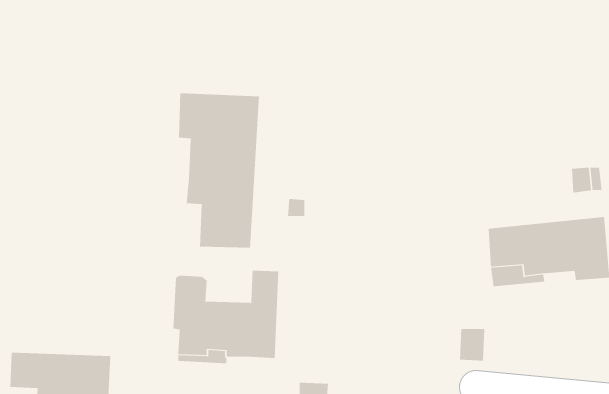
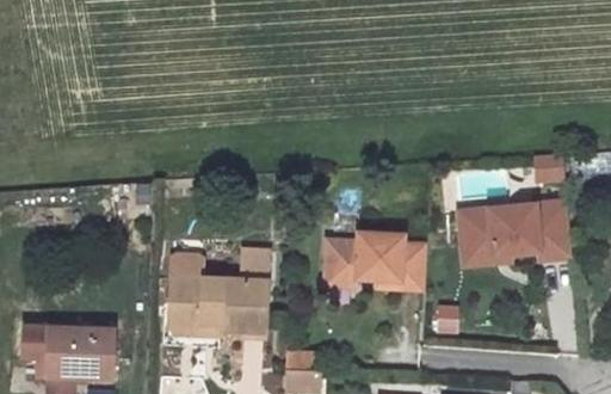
building: [178,92,259,248] -> none
building: none -> [323,232,426,289]

